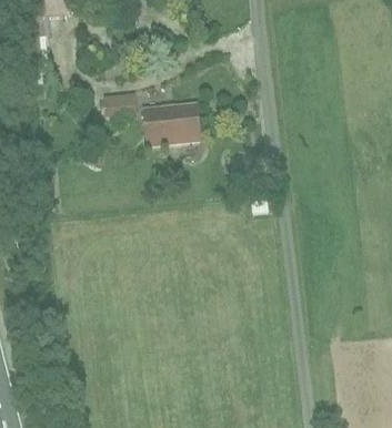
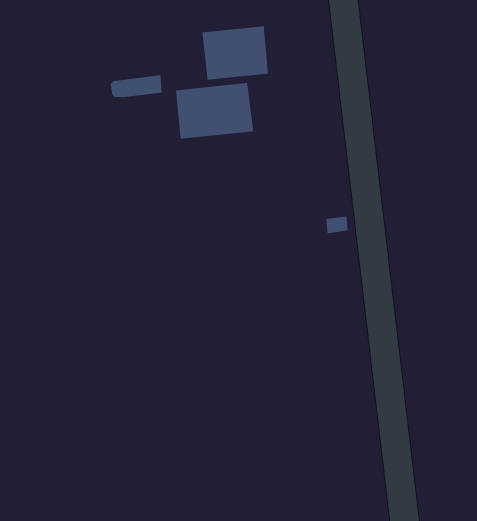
building: none -> [201,25,269,80]

